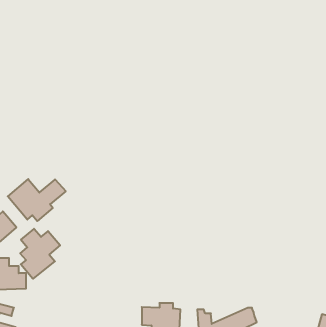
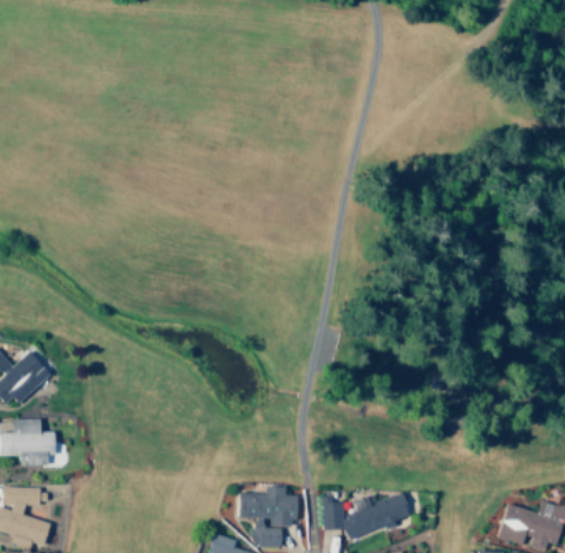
building: [8,179,66,221] -> none
building: [20,229,60,279] -> none

